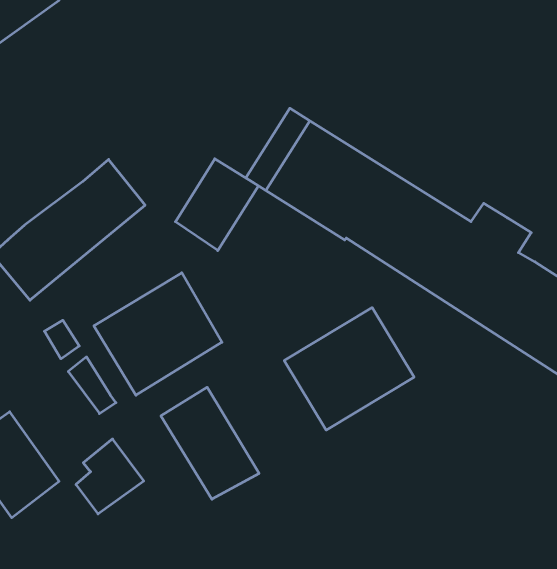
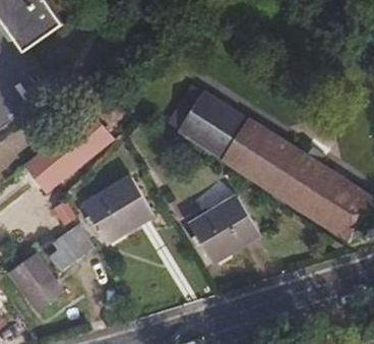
building: [175,159,259,251] -> none
building: [161,387,259,499] -> none
building: [76,439,144,514] -> [47,231,84,273]

